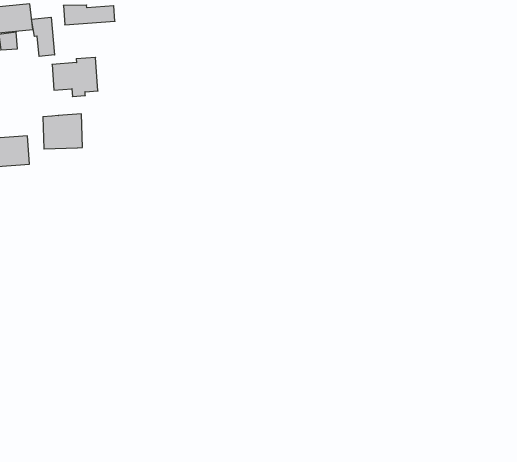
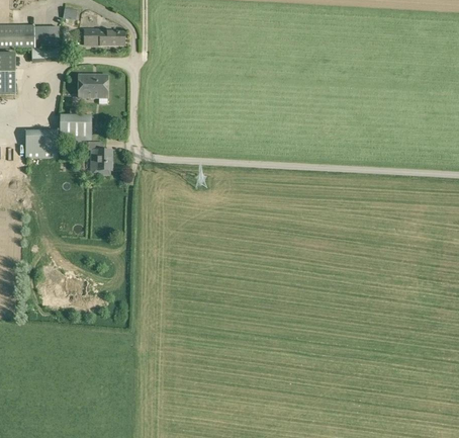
building: [32,17,55,56] -> none
building: none -> [87,141,111,174]

